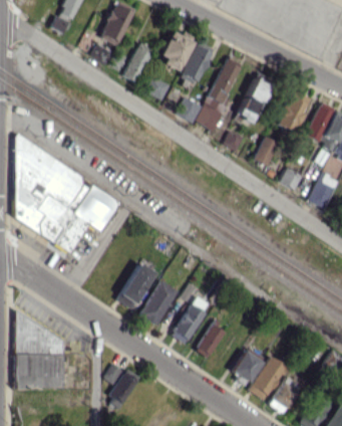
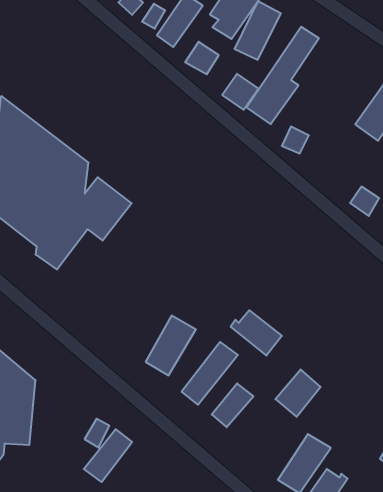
building: [238,77,273,125] -> none
building: [254,136,279,166] -> none
building: [117,262,155,308] -> none
building: none -> [231,310,282,356]
building: [233,347,265,382] -> [275,369,321,417]

